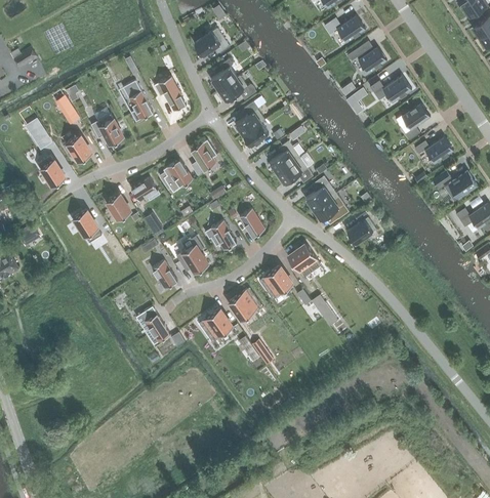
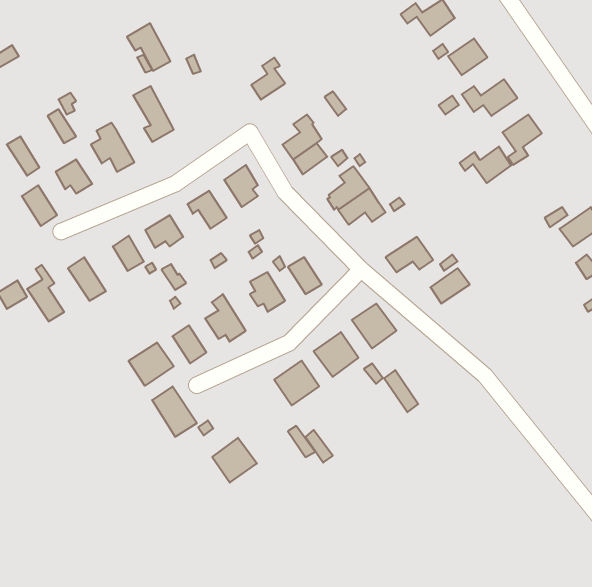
building: [194,28,229,56] -> none
building: [154,75,187,111] -> [127,23,170,71]
building: [218,76,256,101] -> none
building: [414,135,453,163] -> [460,146,511,183]
building: [305,175,336,209] -> none
building: none -> [27,265,64,322]
building: none -> [129,342,174,386]
building: [199,308,233,342] -> [212,438,257,483]

